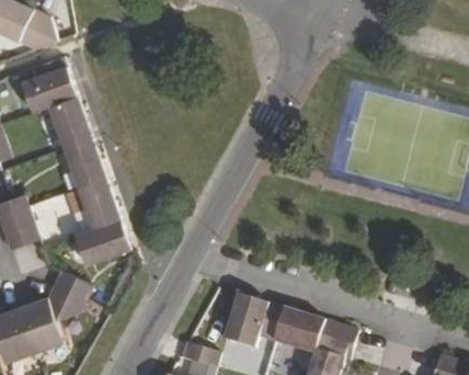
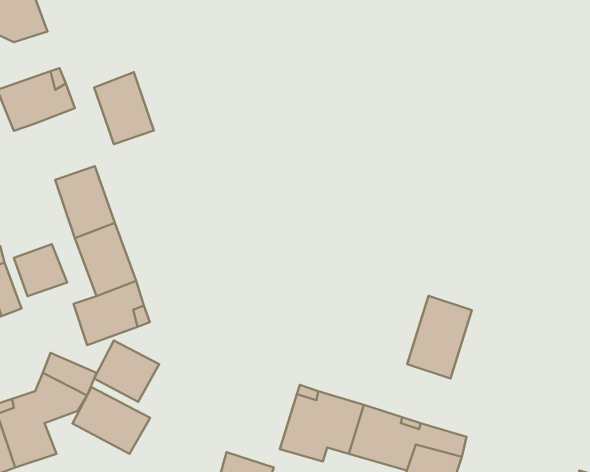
building: [48,95,91,147] -> [94,72,154,144]
building: none -> [407,296,472,378]
building: none -> [94,341,159,402]
building: none -> [72,387,150,454]

